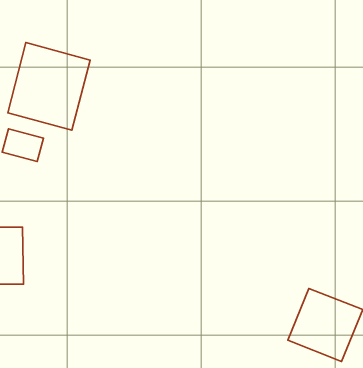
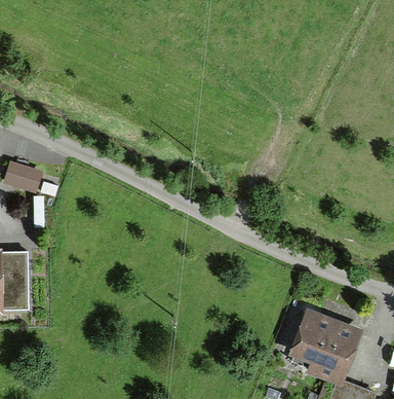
building: [8,43,90,130] -> none

